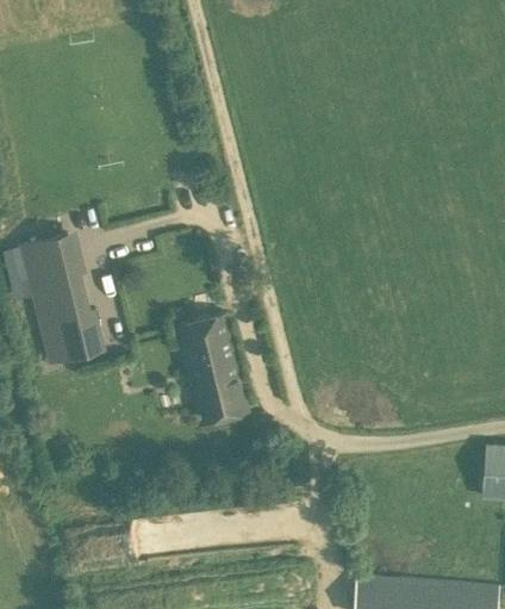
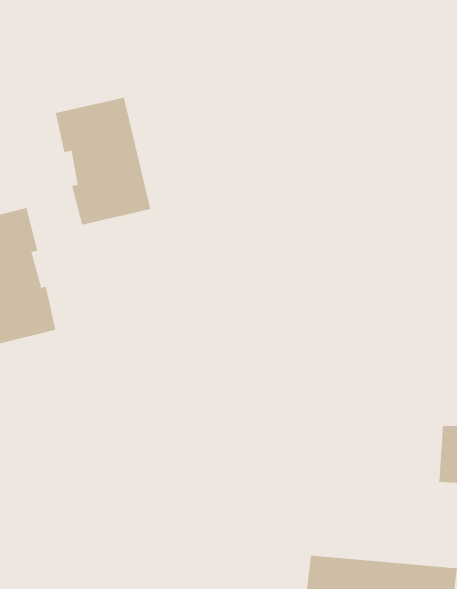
building: none -> [55,97,151,225]
building: [177,316,248,422] -> none

